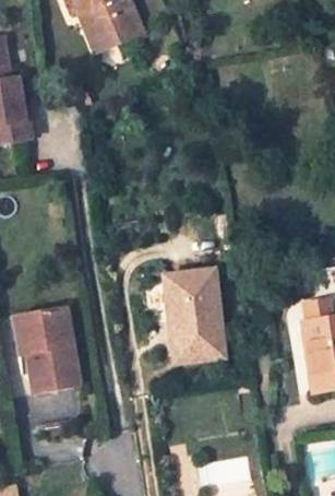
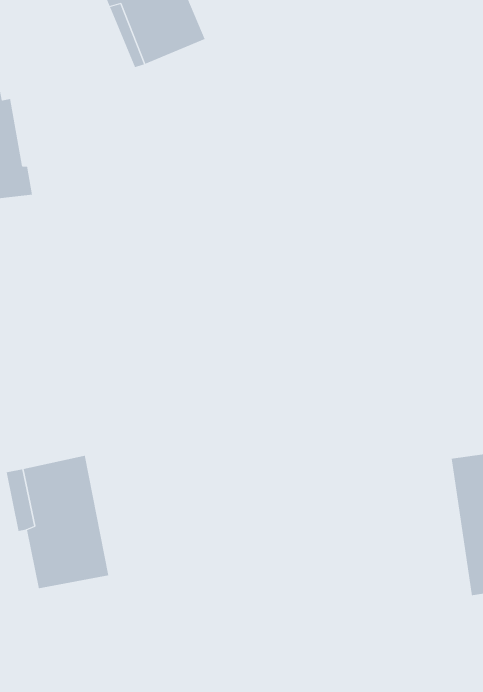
building: [165,270,226,363] -> none

